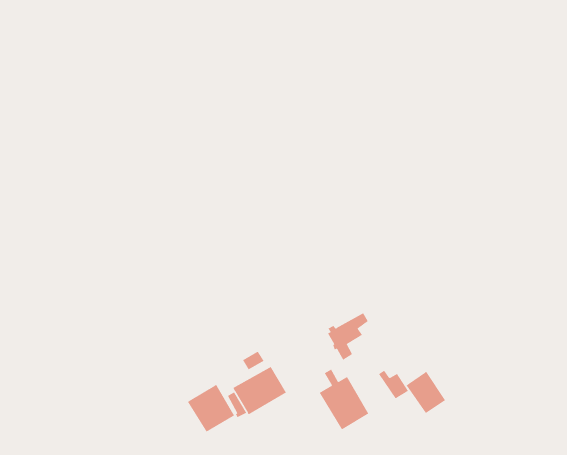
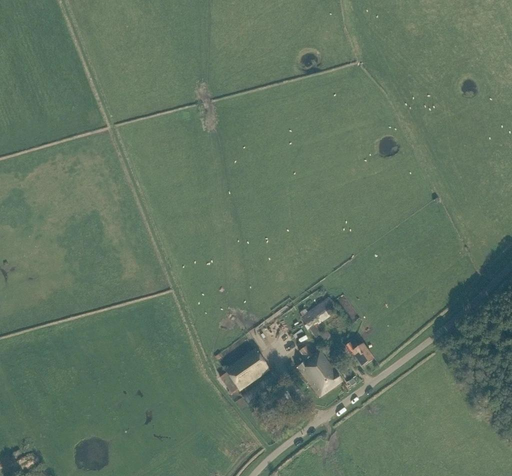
building: [406,371,446,414] -> none
building: [187,384,235,433] -> none

